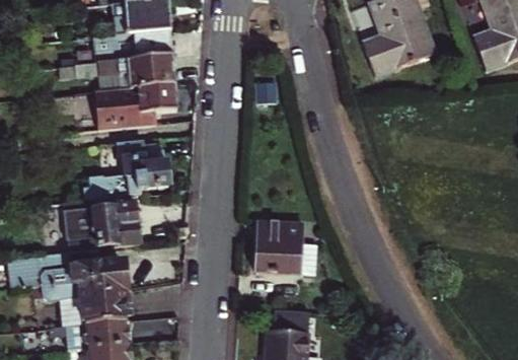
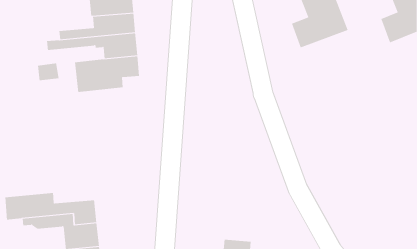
building: [81,147,167,200] -> none
building: [67,204,137,251] -> none
building: [255,220,312,273] -> none

